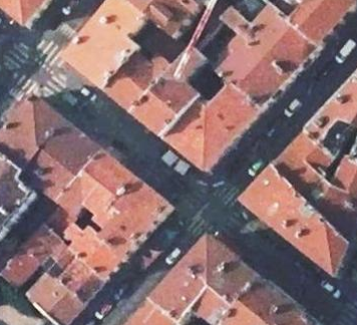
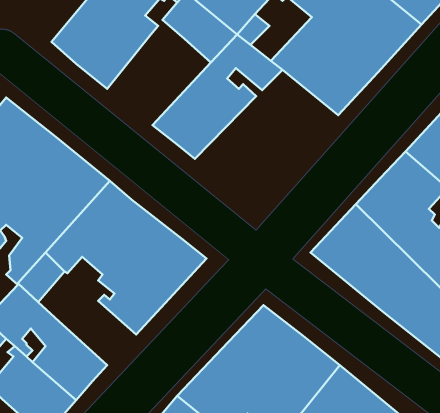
building: [101,51,172,113] -> none
building: [161,75,260,170] -> none
building: [63,223,121,278] -> none

